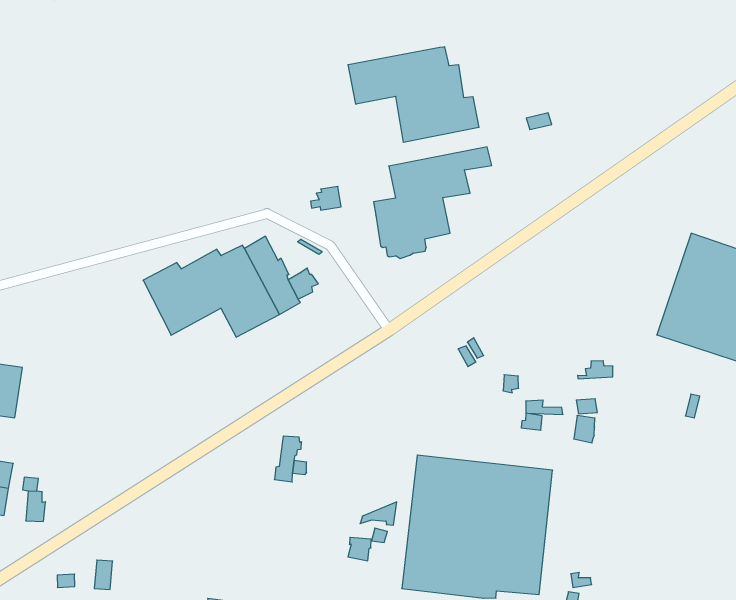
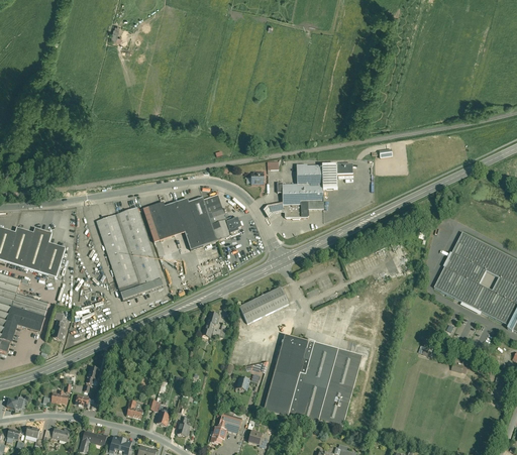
building: [348,47,479,142] -> none
building: none -> [96,208,163,299]
building: none -> [239,287,289,323]

